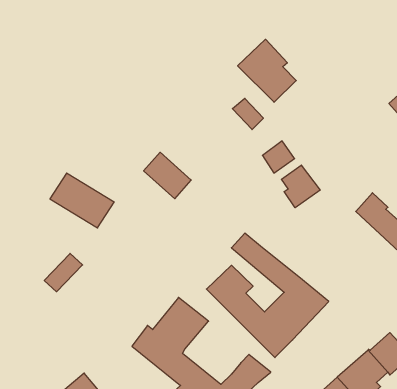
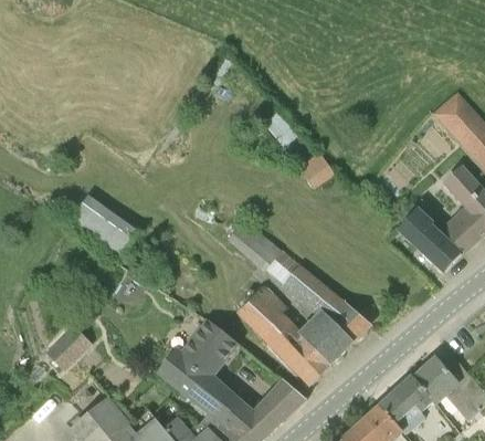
building: [238,39,296,102] -> none
building: [144,152,191,199] -> [226,219,277,269]
building: [281,165,320,208] -> none
building: [44,253,83,292] -> [56,325,97,366]

